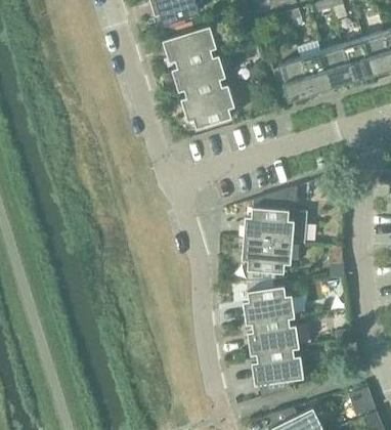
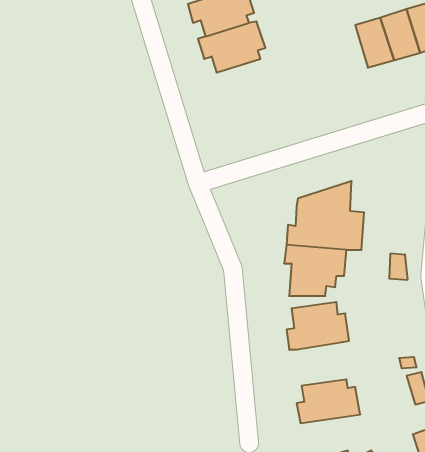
building: [277,58,310,100] -> none
building: [180,84,234,129] -> none
building: [248,318,299,355] -> none

